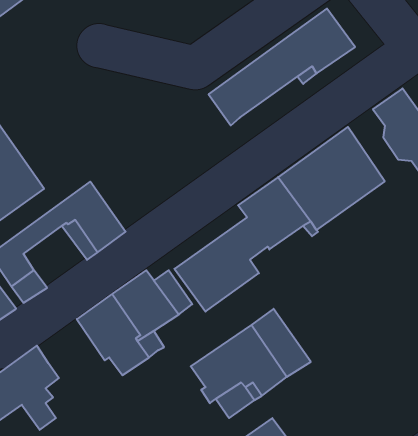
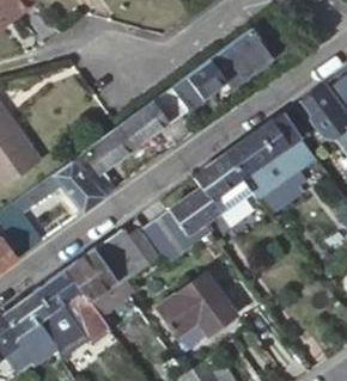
building: none -> [77,86,190,197]
building: none -> [34,268,114,344]

